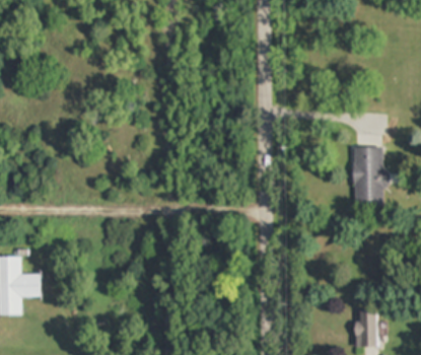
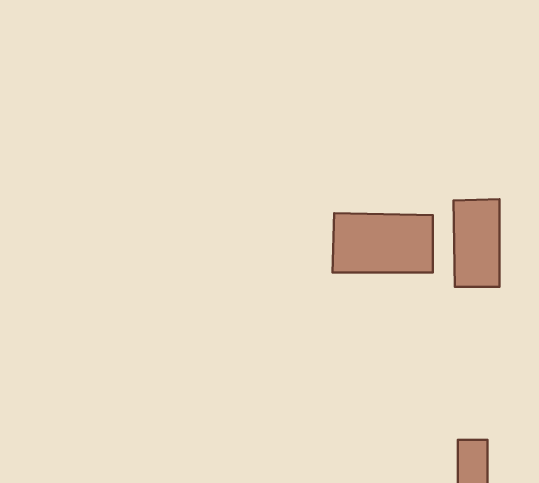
building: none -> [333,213,433,273]

